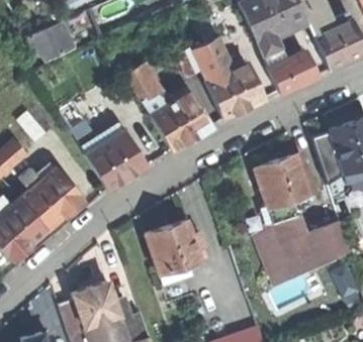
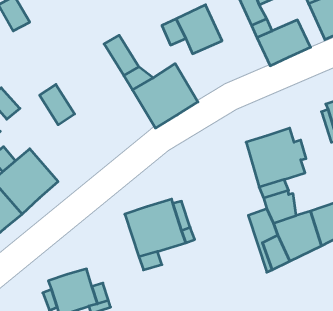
building: [207,64,266,119] -> none
building: [87,133,148,191] -> none

